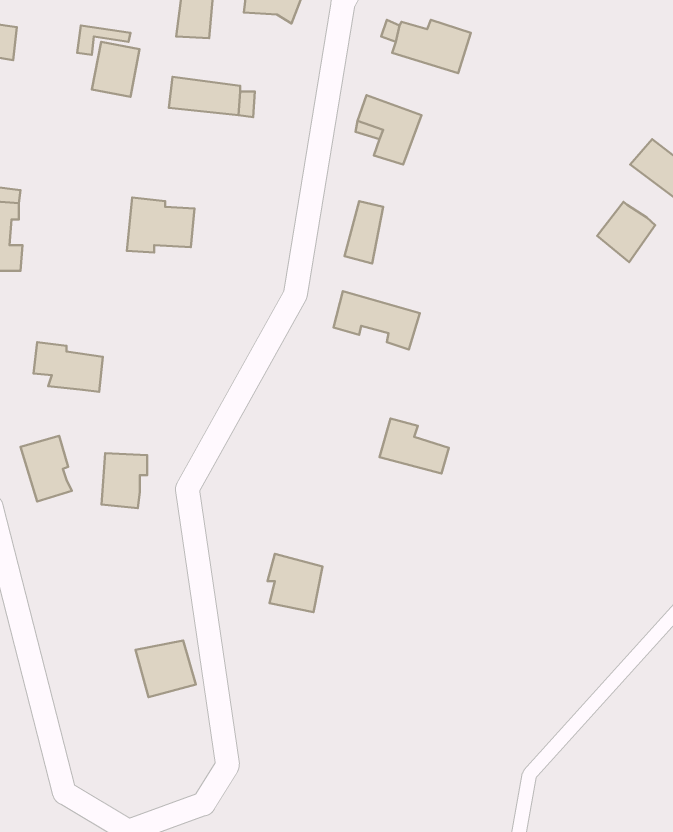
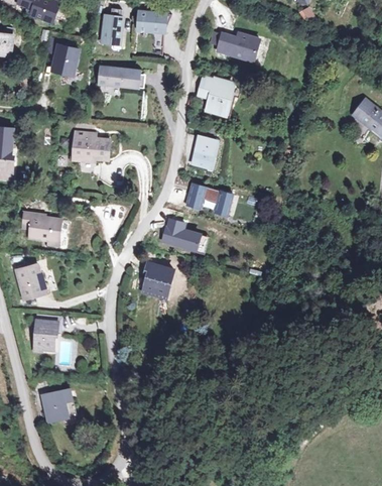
building: [597,202,655,262] -> none
building: [379,419,449,474] -> [164,220,203,250]
building: [101,453,147,508] -> [33,320,58,350]
building: [268,554,323,612] -> [144,269,174,301]
building: [136,641,196,697] -> [38,389,72,420]

